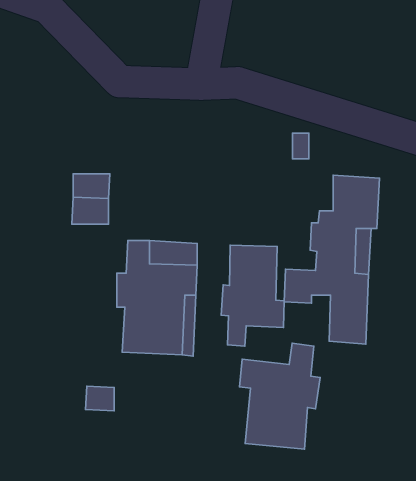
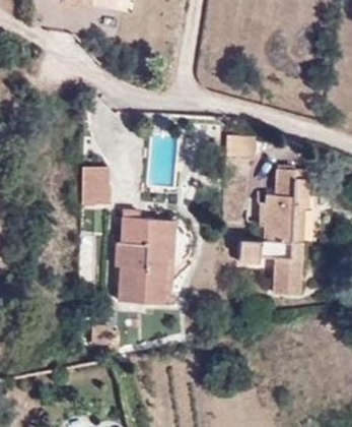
building: [221,245,284,346] -> none
building: [240,343,320,449] -> none

